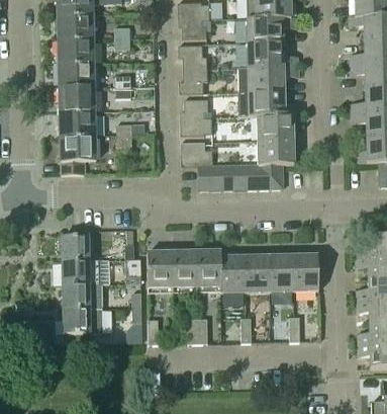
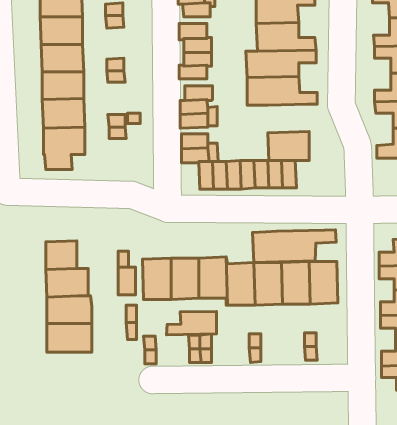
building: [257,115,293,141] -> none
building: none -> [252,230,336,263]
building: none -> [166,311,216,335]

